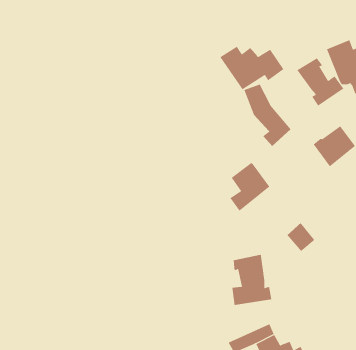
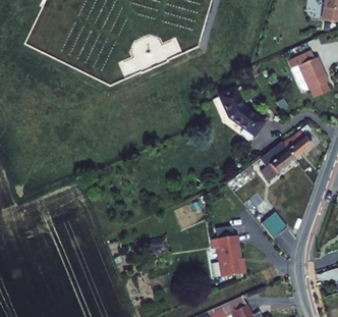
building: [220,46,284,90] -> none
building: [297,58,344,107] -> none
building: [229,162,270,211] -> [259,140,293,181]

